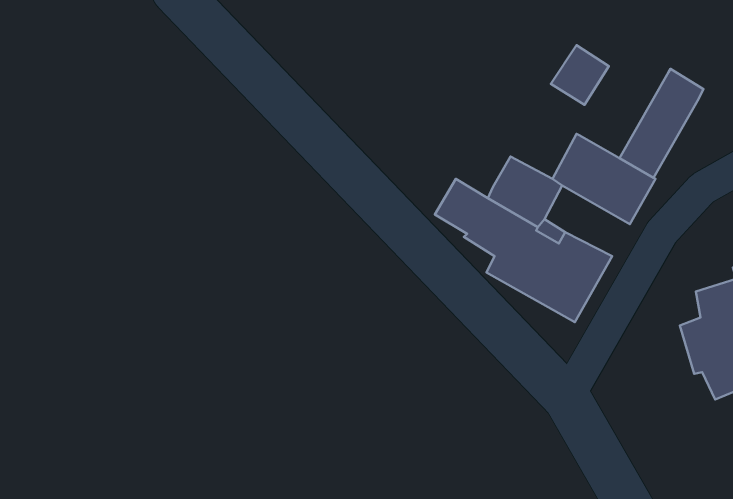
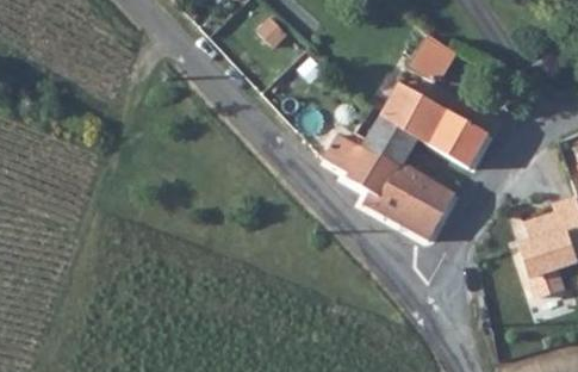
building: [619,69,703,178] -> none
building: none -> [383,82,431,134]

